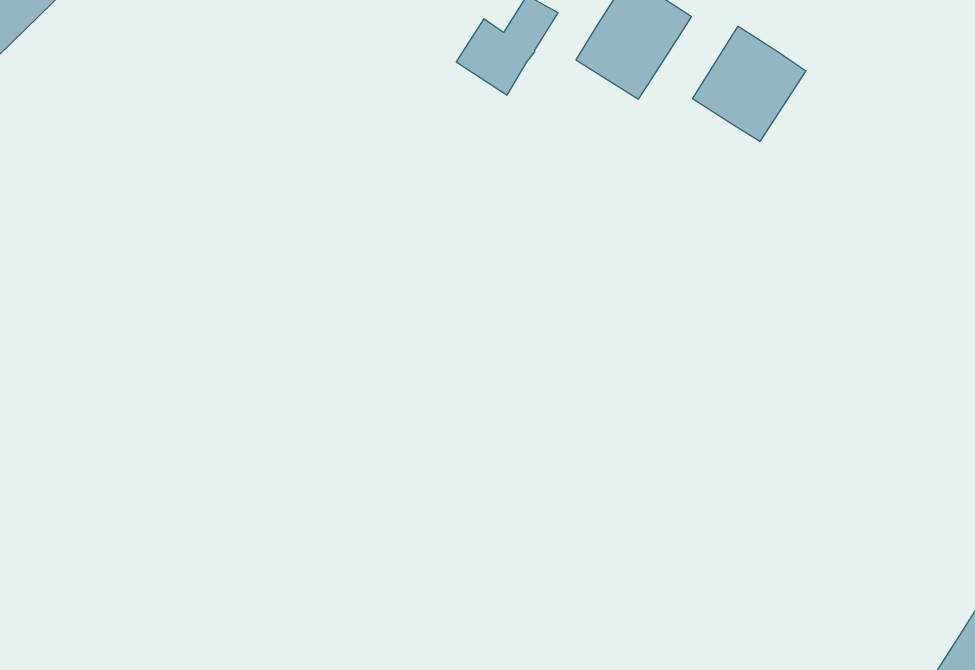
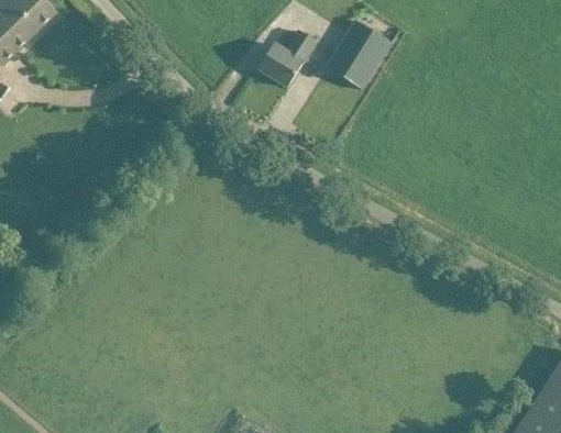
building: [693,26,806,142] -> none

